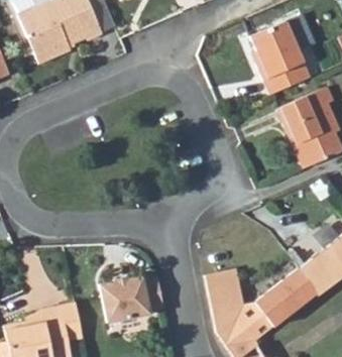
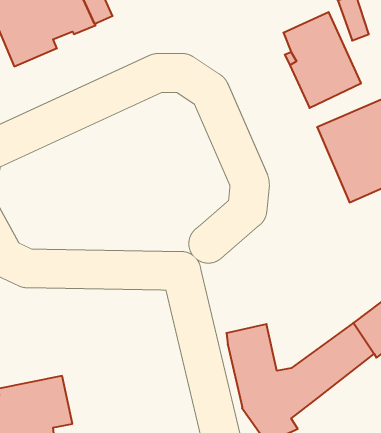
building: [99,276,164,326] -> none

